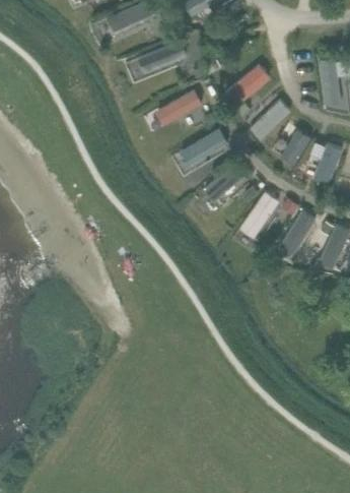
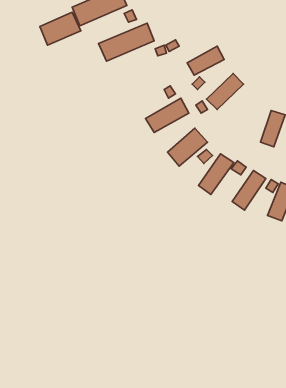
building: none -> [40,12,81,45]
building: [317,62,337,103] -> none
building: [157,88,204,125] -> none
building: [280,126,308,168] -> none

